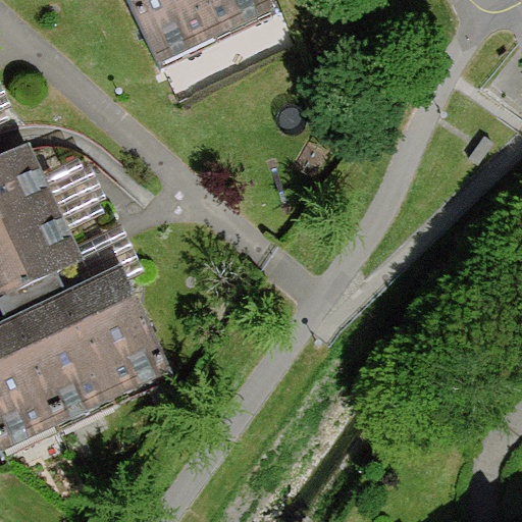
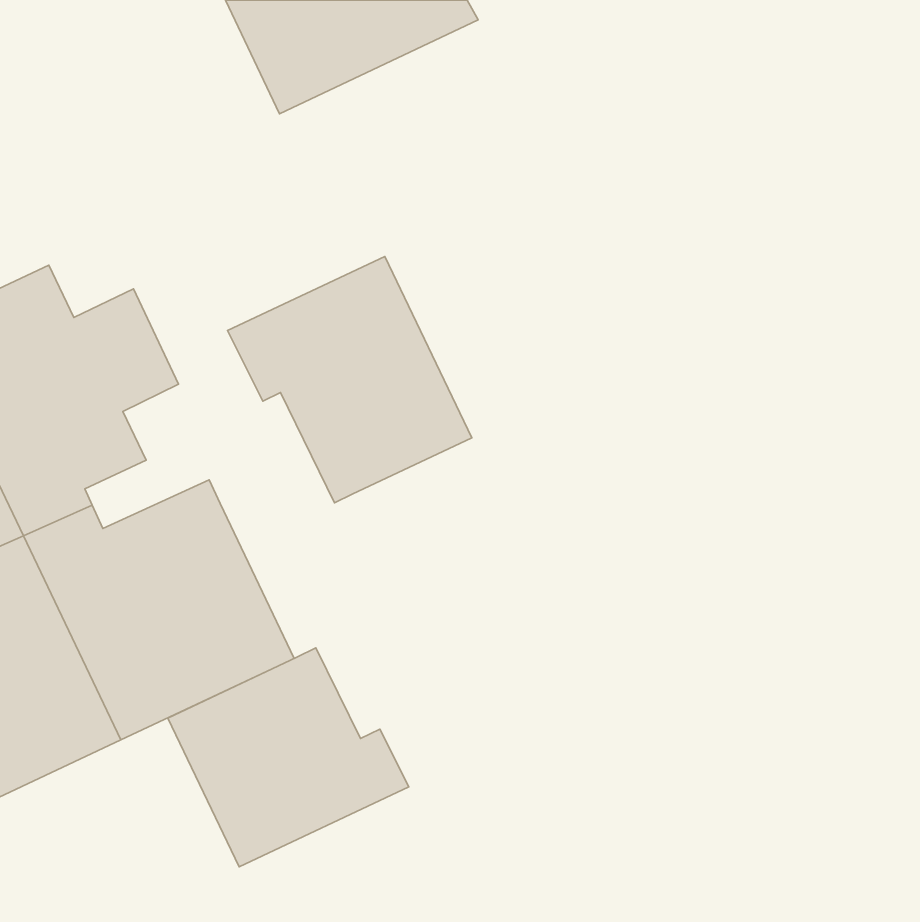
building: none -> [228,257,472,503]
building: none -> [168,648,409,867]

